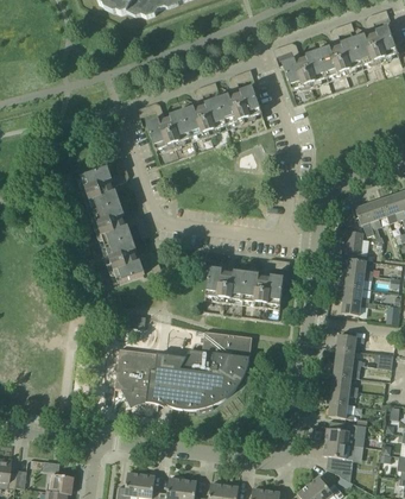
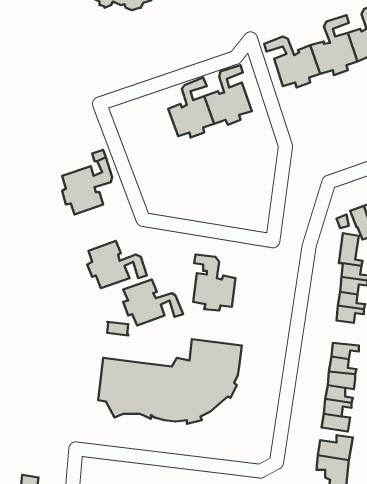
building: [138,102,191,151] -> none
building: [93,202,150,246] -> [123,279,183,326]
building: [242,258,290,308] -> none

